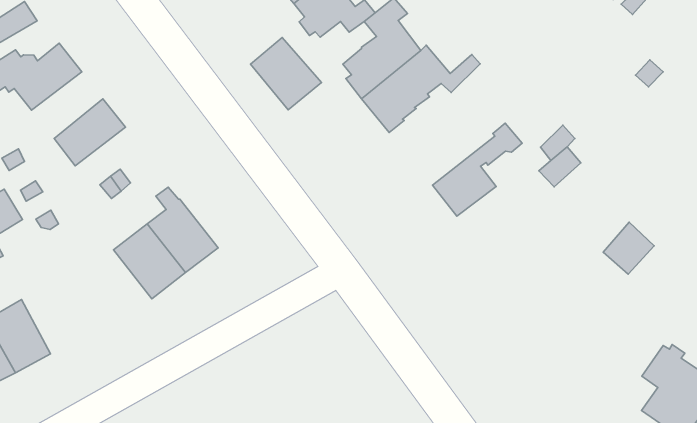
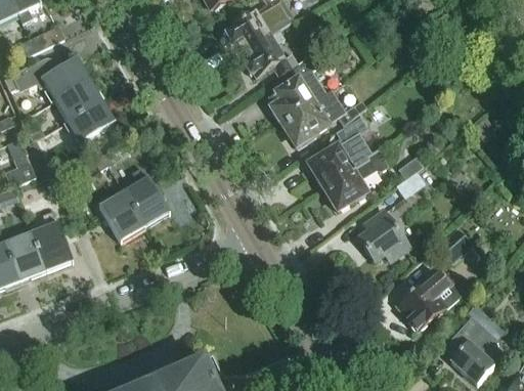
building: [251,37,322,110] -> none
building: none -> [51,80,101,124]
building: none -> [309,119,372,187]
building: none -> [355,211,406,261]
building: none -> [29,211,72,272]
building: none -> [394,270,457,332]

